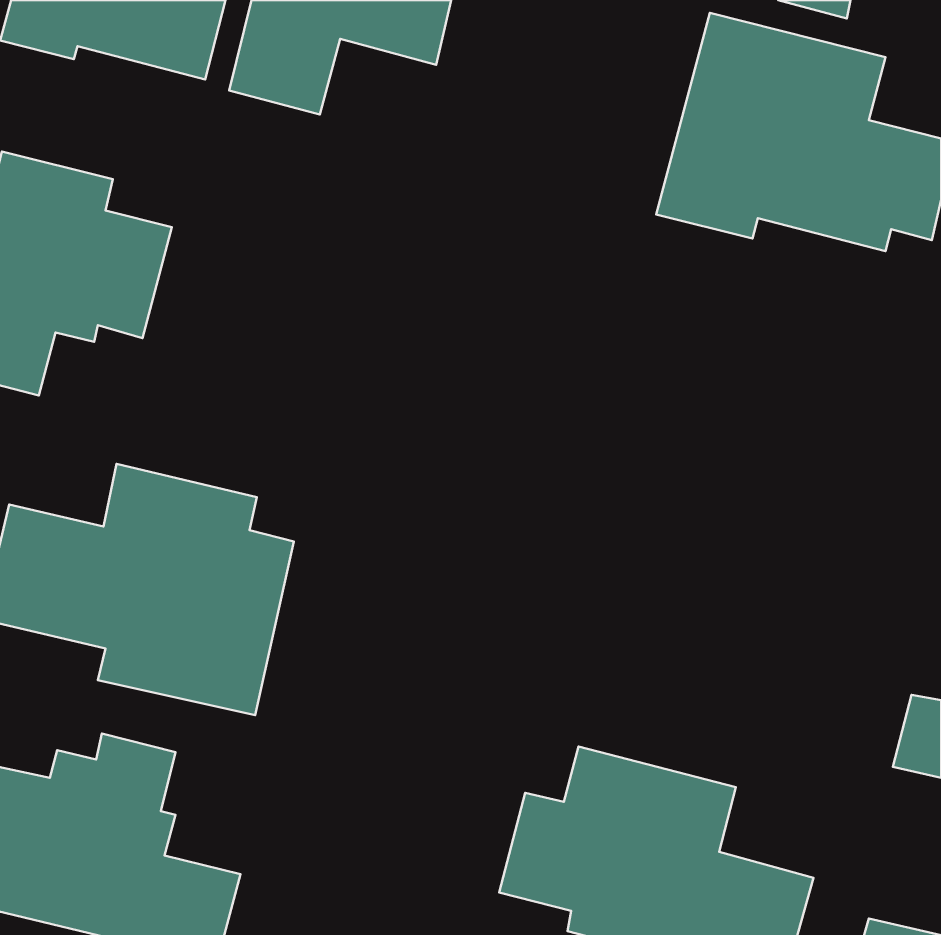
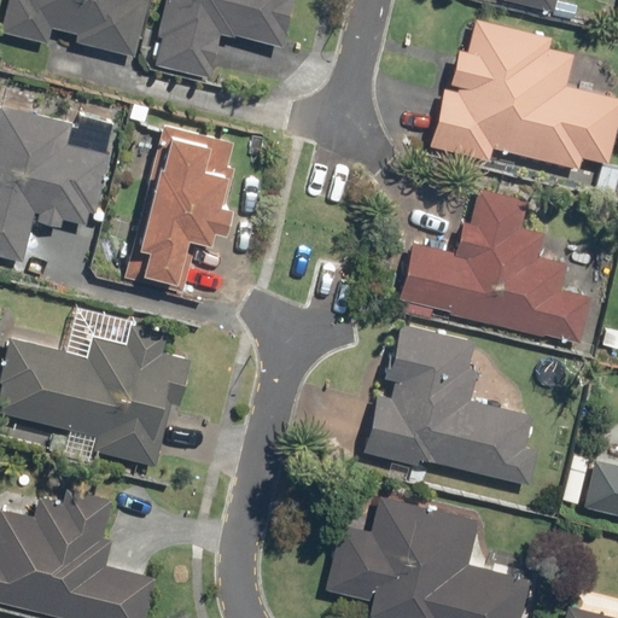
building: none -> [123,122,241,293]
building: none -> [398,186,594,346]
building: none -> [363,321,540,485]

